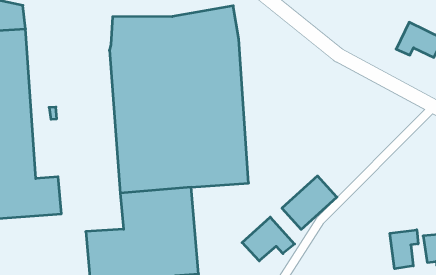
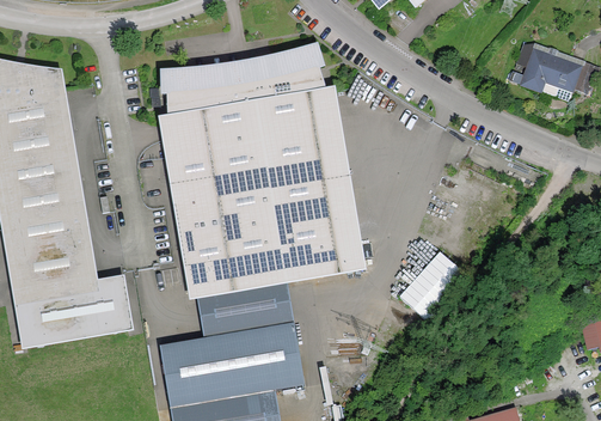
building: [242,217,295,261] -> none
building: [390,230,418,269] -> none

